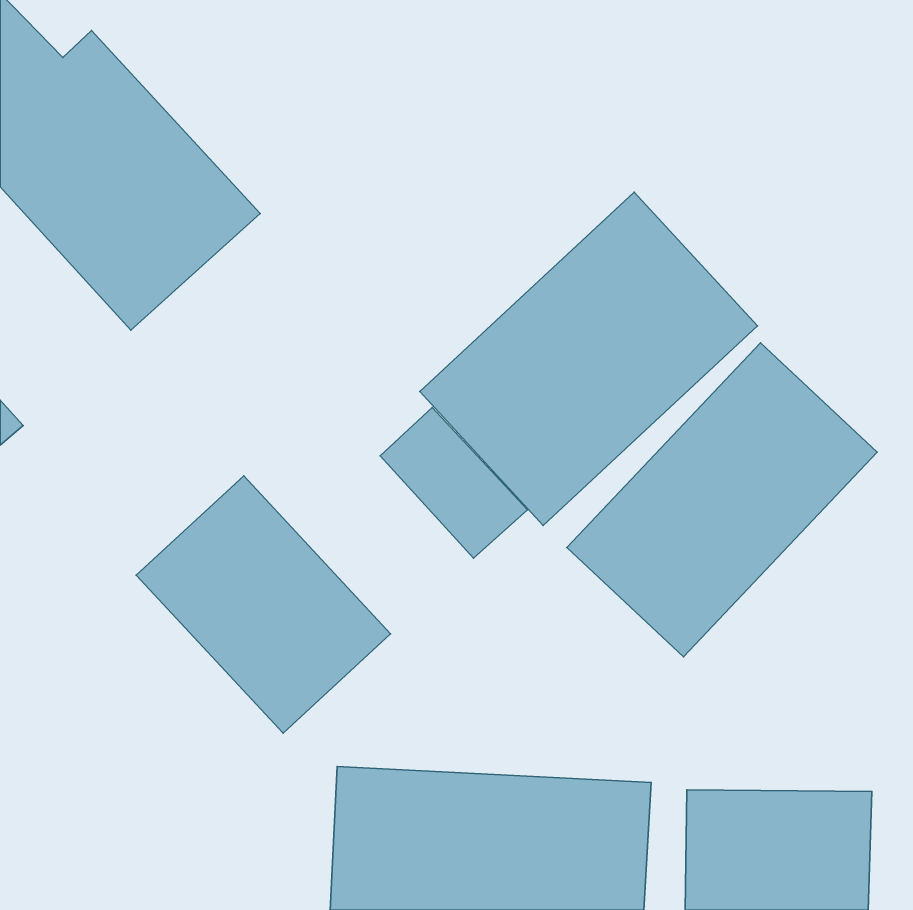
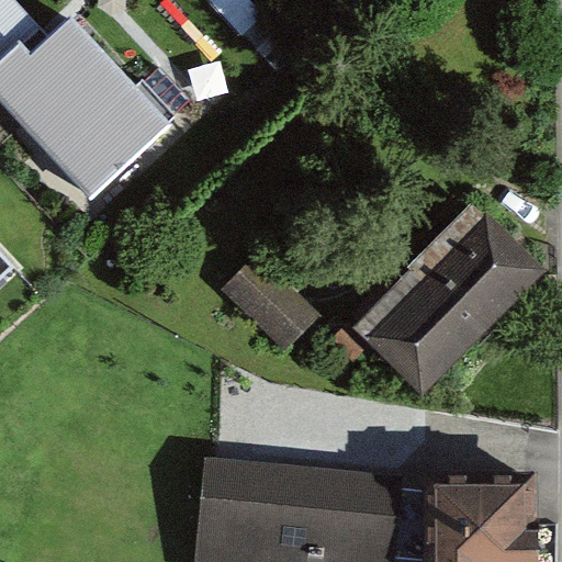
building: [420,192,757,525] -> none
building: [136,476,391,733] -> none

